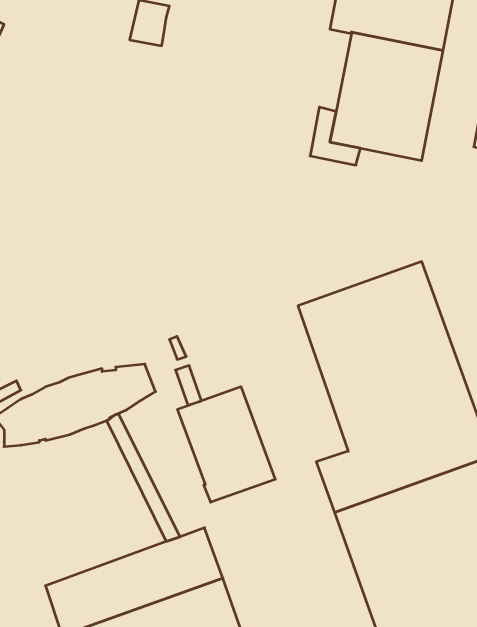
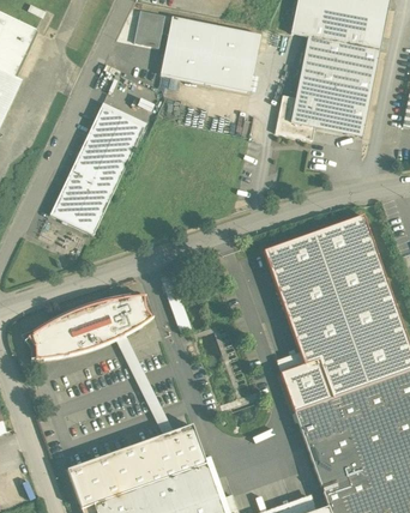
building: none -> [161,17,261,91]
building: none -> [50,107,145,235]
building: [178,387,275,502] -> none

